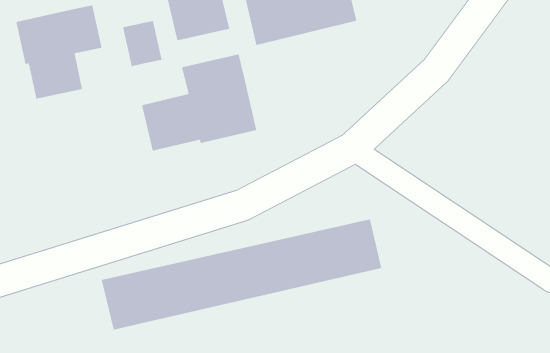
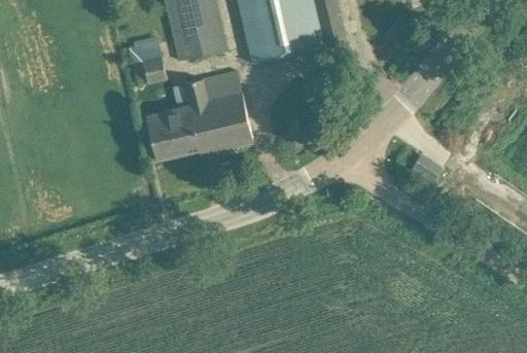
building: [16,5,103,100] -> none
building: [101,218,382,331] -> none

